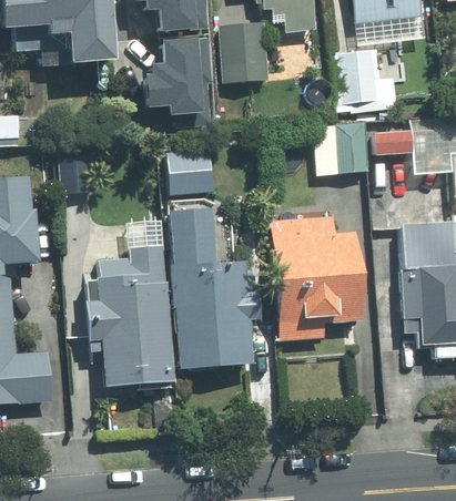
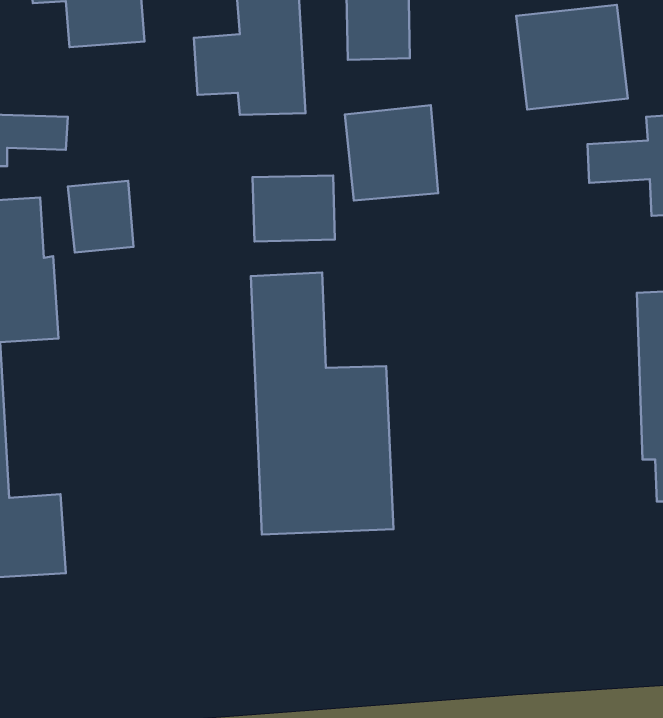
building: [311,119,367,176] -> [345,105,438,201]
building: [267,219,352,325] -> none
building: [87,253,166,388] -> none

